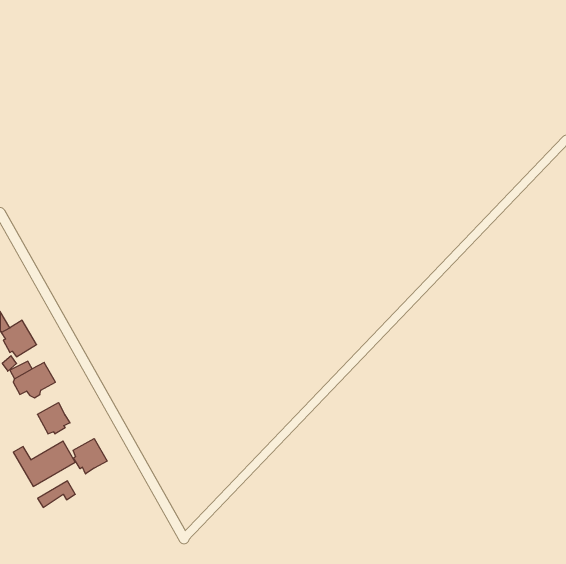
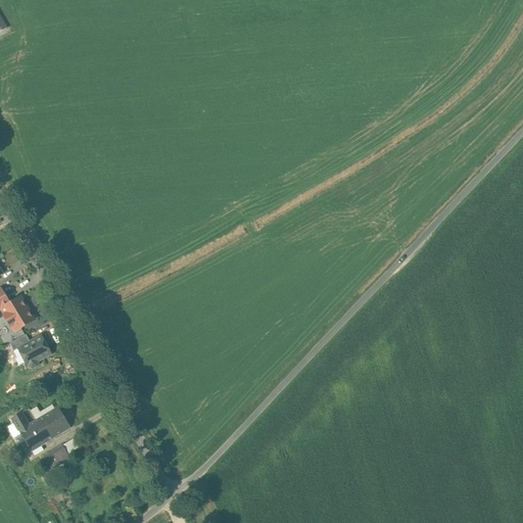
building: [37,403,70,434] -> none
building: [73,439,107,474] -> none

